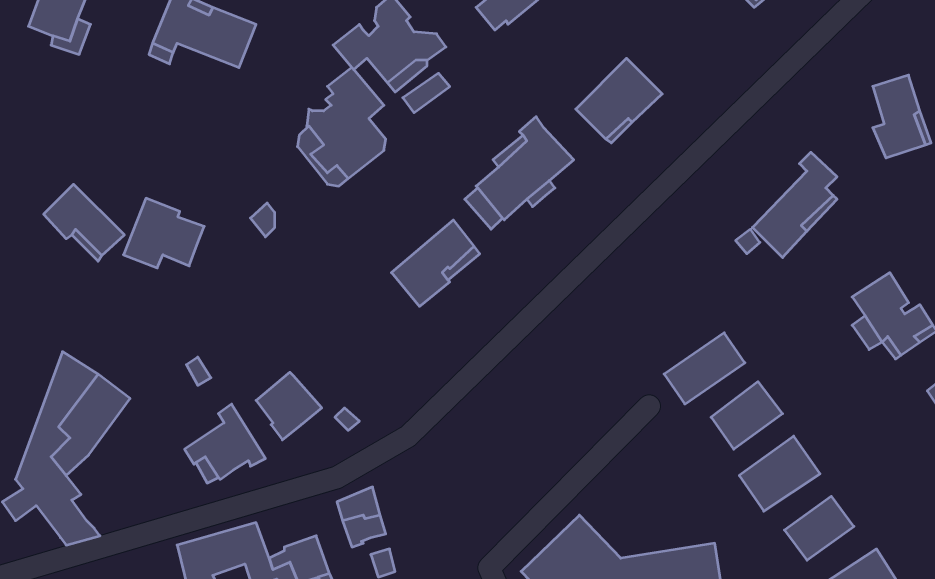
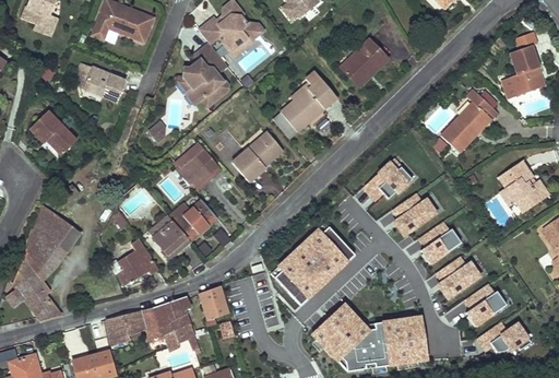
building: [123,198,204,268] -> [79,62,126,103]
building: none -> [173,147,219,188]
building: none -> [369,158,412,200]
building: none -> [175,198,217,239]
building: none -> [270,224,355,308]
building: none -> [153,297,190,327]

